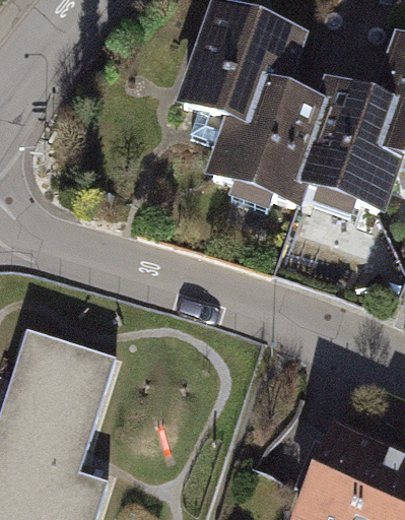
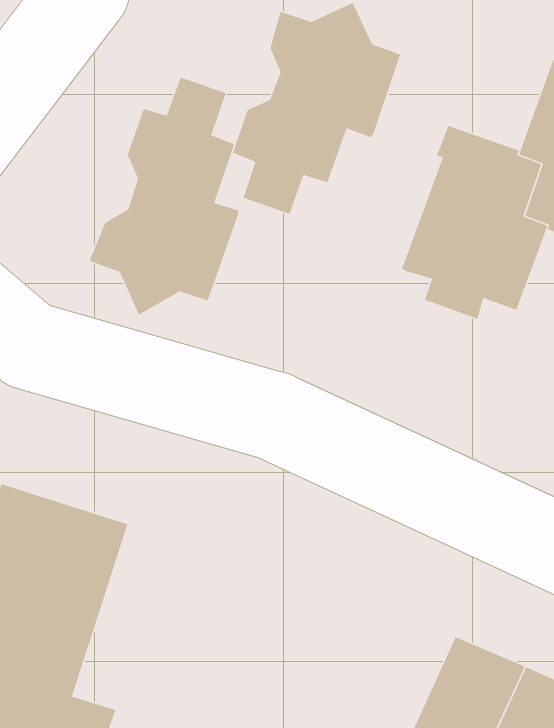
building: none -> [89,76,239,316]
building: [214,88,328,212] -> none

